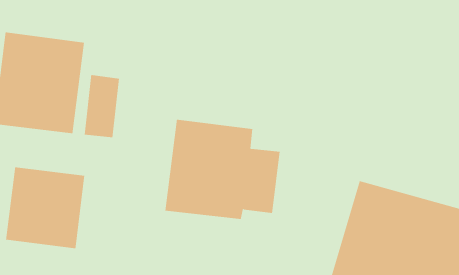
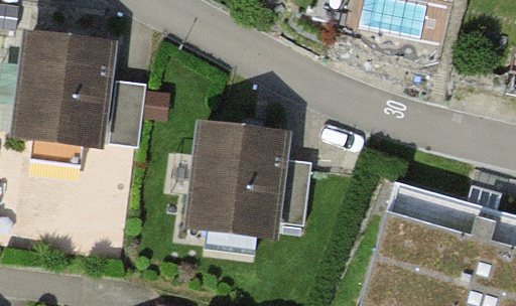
building: [5,167,85,249] -> none

